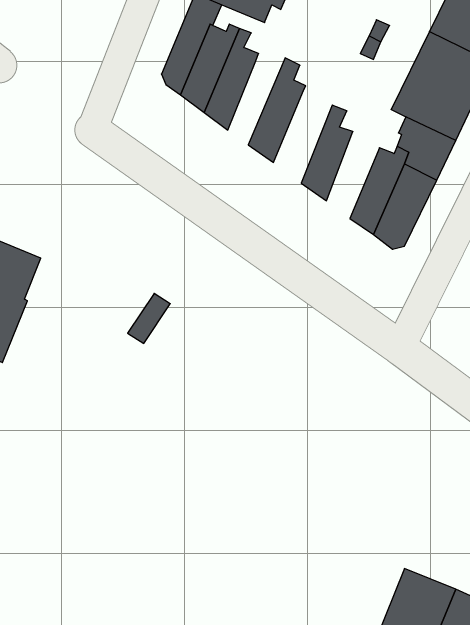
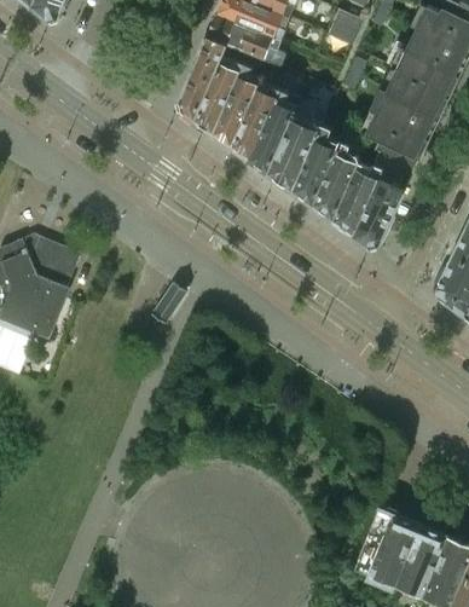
building: none -> [232,86,279,161]
building: none -> [270,115,318,192]
building: none -> [313,143,357,221]

